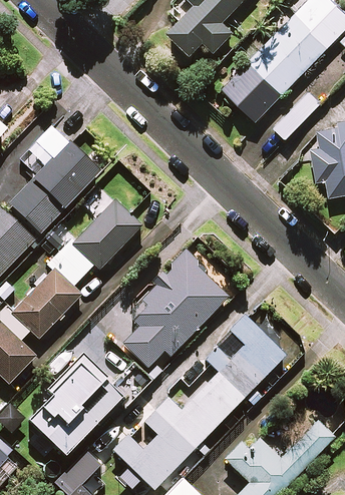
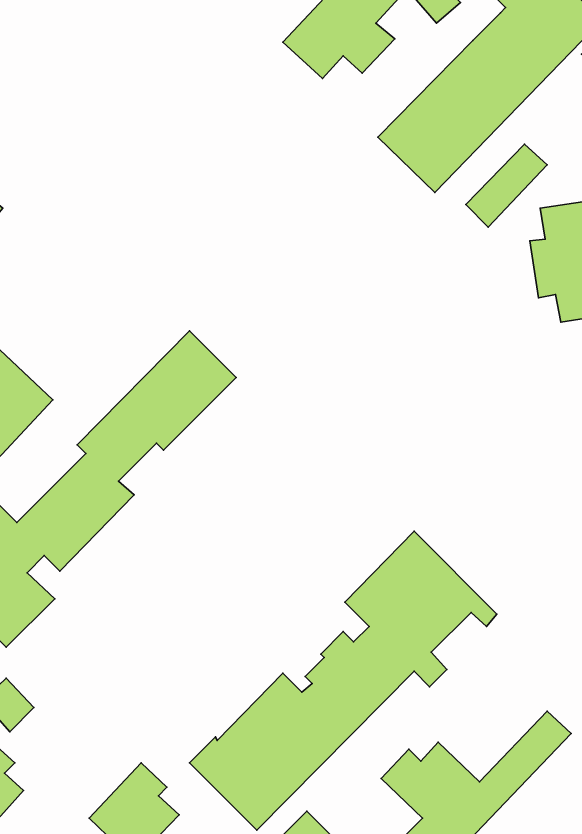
building: [8,128,98,235] -> none
building: [122,254,228,368] -> none
building: [28,356,122,455] -> none

